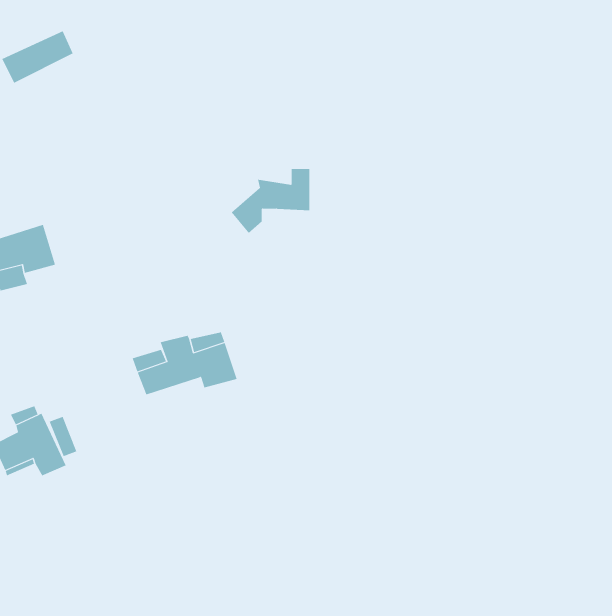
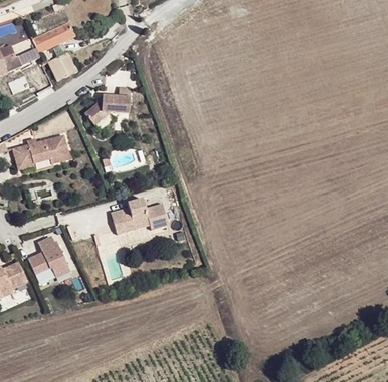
building: none -> [49,53,77,81]
building: [231,169,310,234] -> [77,87,123,124]

